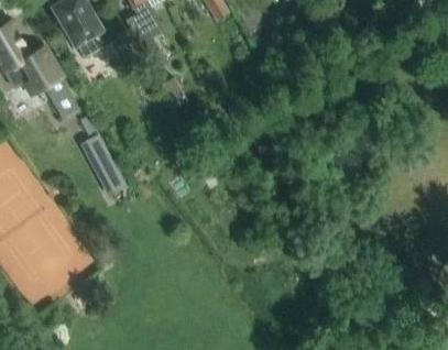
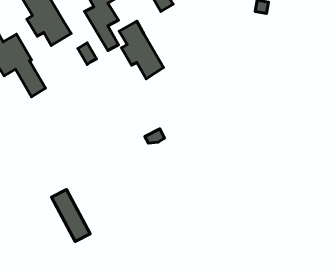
building: none -> [119,21,164,79]
building: [81,133,127,194] -> [52,190,90,242]

